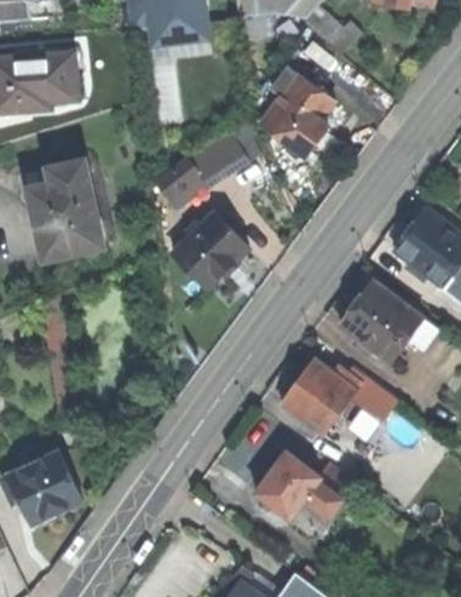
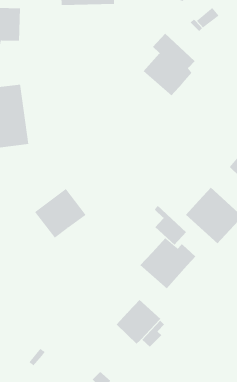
building: [154,133,243,197] -> none
building: [172,213,247,287] -> [34,188,86,239]
building: [347,363,398,419] -> [154,205,187,245]

